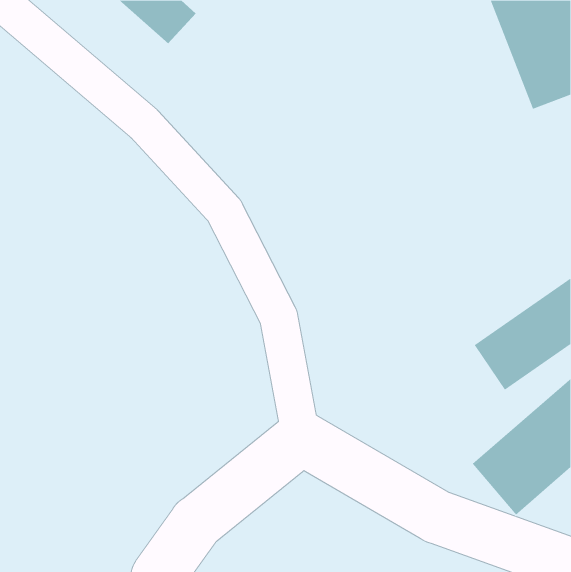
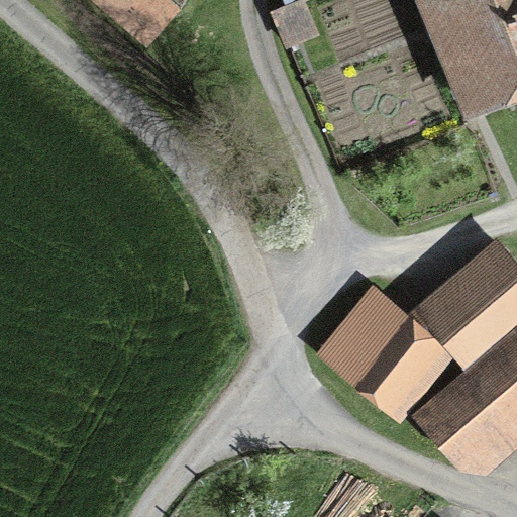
building: none -> [320,296,437,398]

